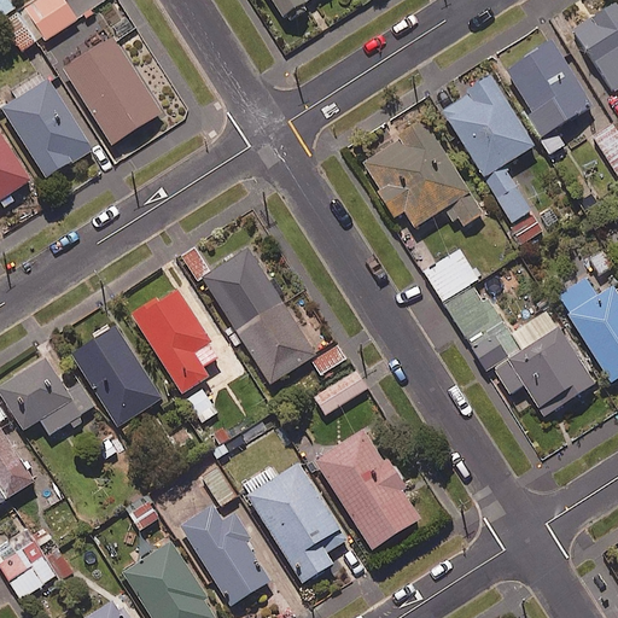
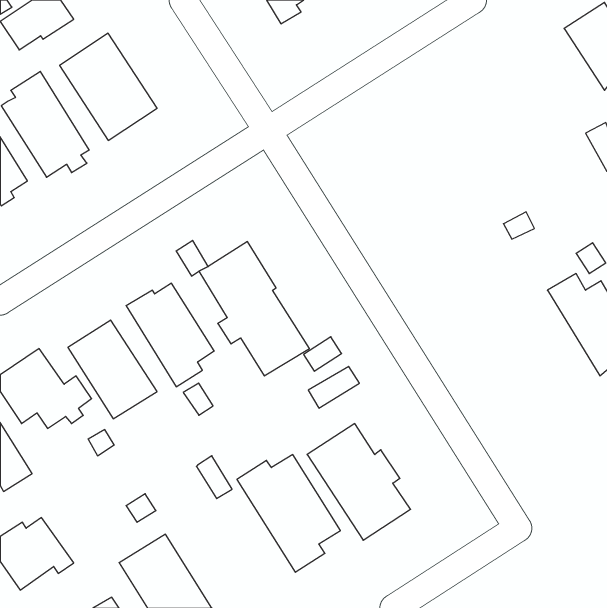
building: [503,40,590,154] -> none
building: [442,74,534,222] -> none
building: [358,117,480,226] -> none
building: [426,256,599,422] -> none
building: [173,505,268,608] -> none

